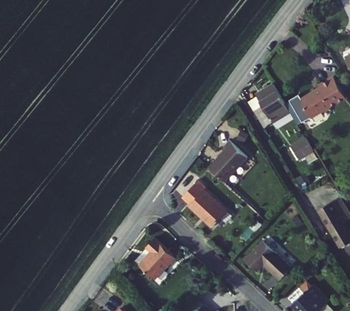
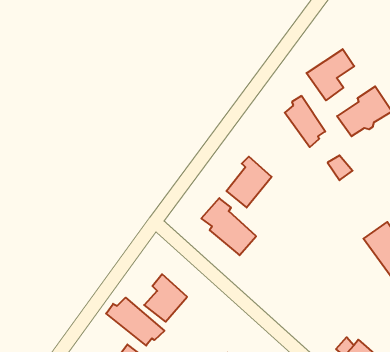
building: none -> [306,49,354,100]
building: [246,241,294,280] -> none
building: none -> [106,298,164,346]

